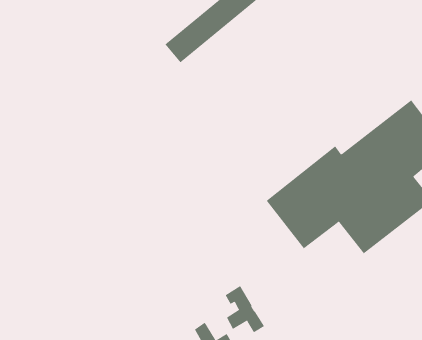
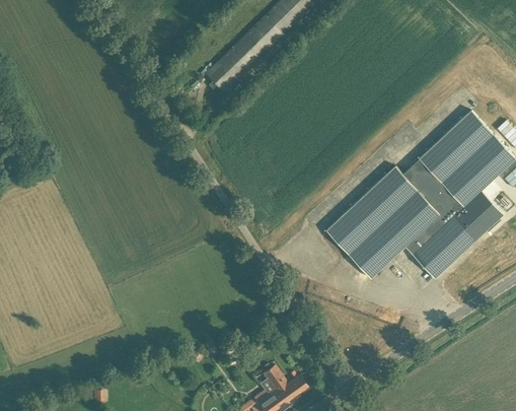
building: [225,285,265,333] -> none

